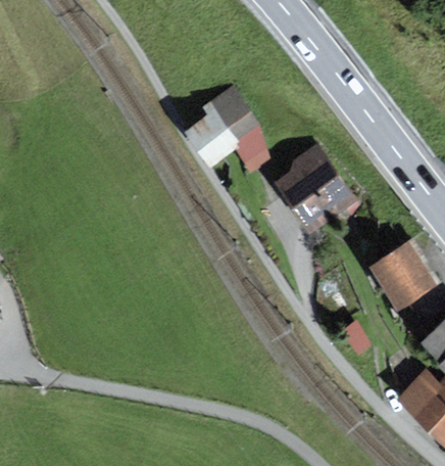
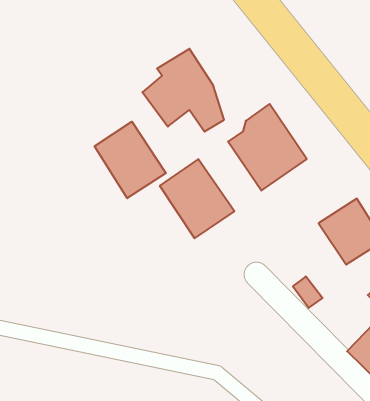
building: none -> [95,122,166,198]
building: none -> [160,159,234,238]

